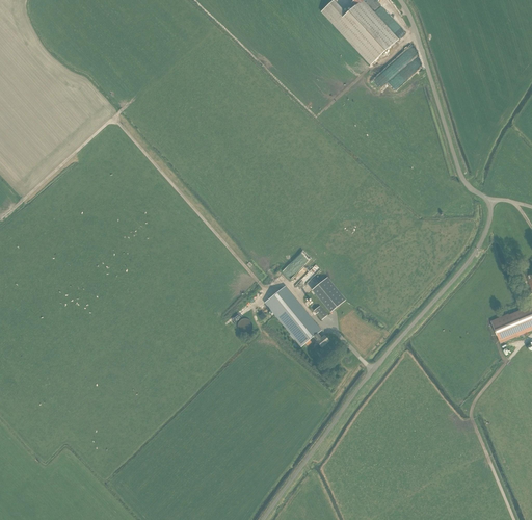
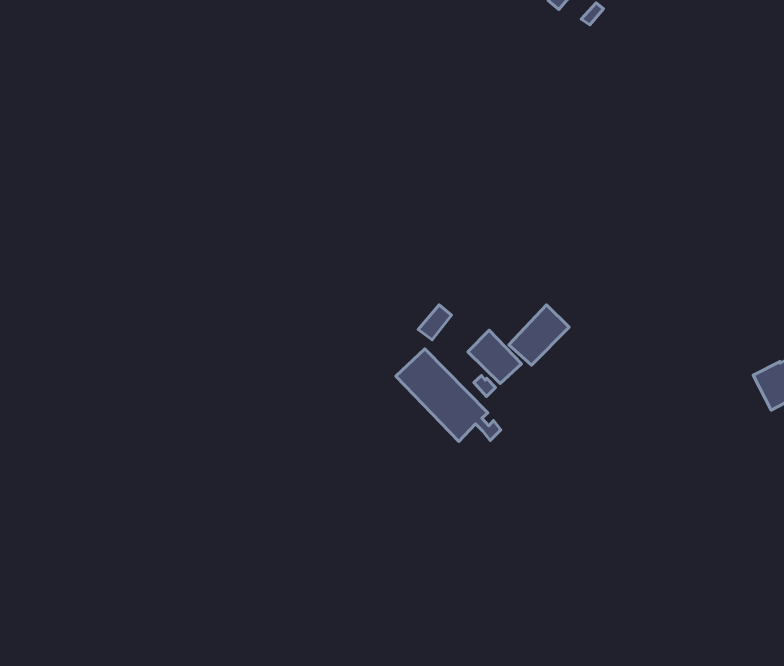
building: none -> [509,305,569,365]

